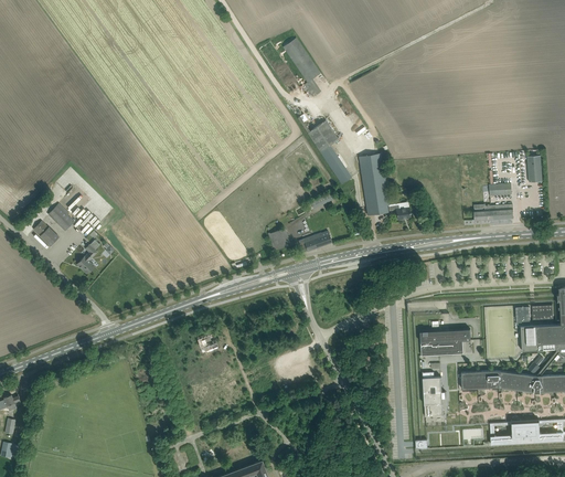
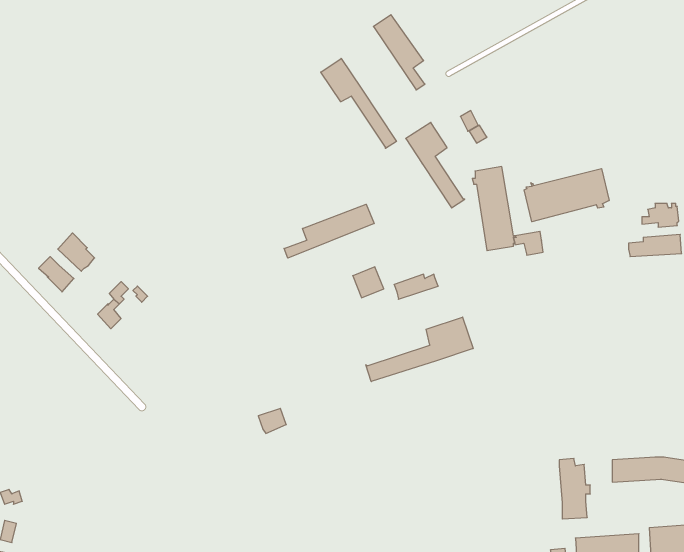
building: none -> [321,58,396,148]
building: none -> [524,169,609,222]
building: none -> [284,204,374,258]
building: none -> [366,317,473,382]
building: [420,329,471,356] -> none

